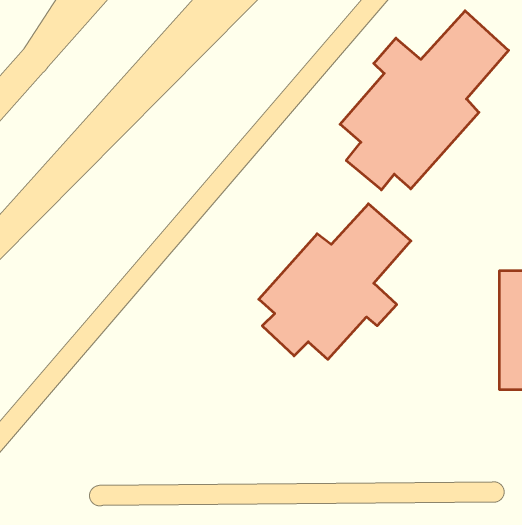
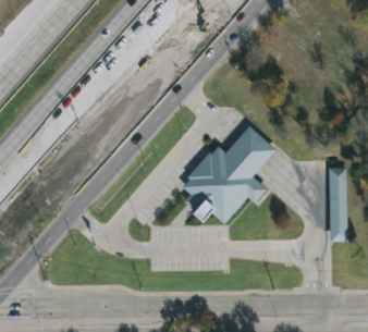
building: [340,11,509,190] -> none

